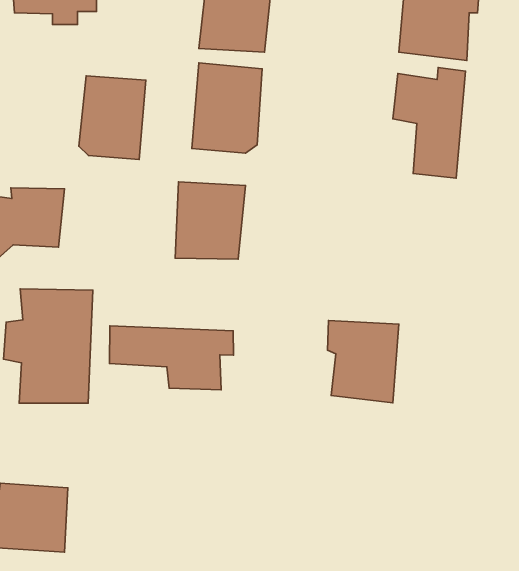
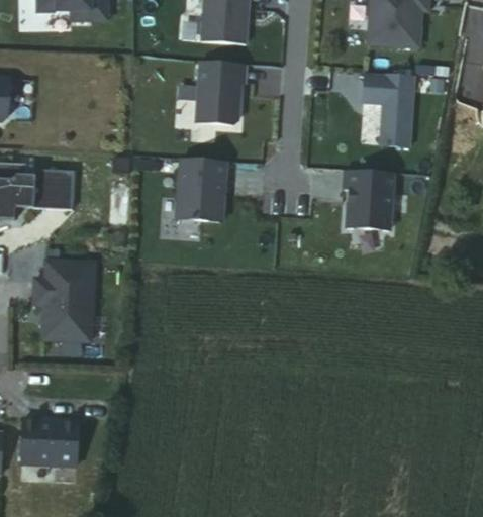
building: [79,76,146,160] -> none
building: [327,321,399,403] -> [337,165,398,234]
building: [109,326,234,390] -> none

